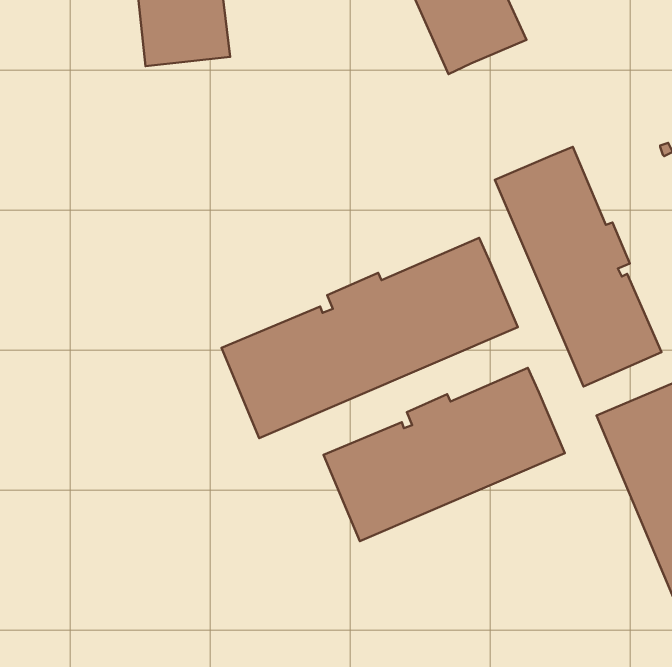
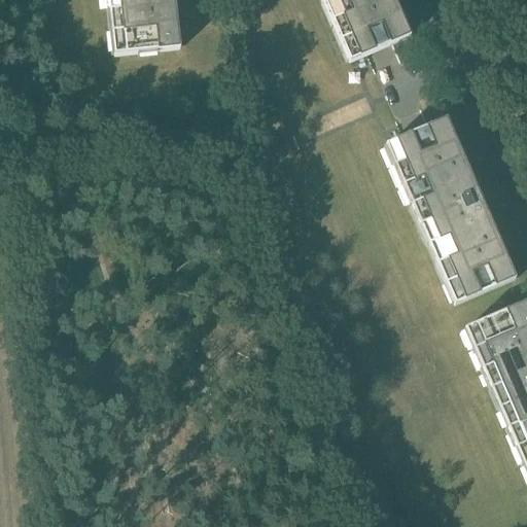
building: [222,238,518,438] -> none
building: [323,368,565,541] -> none

